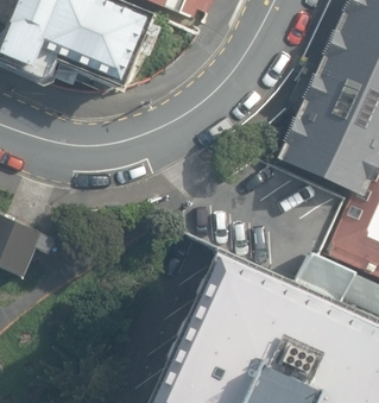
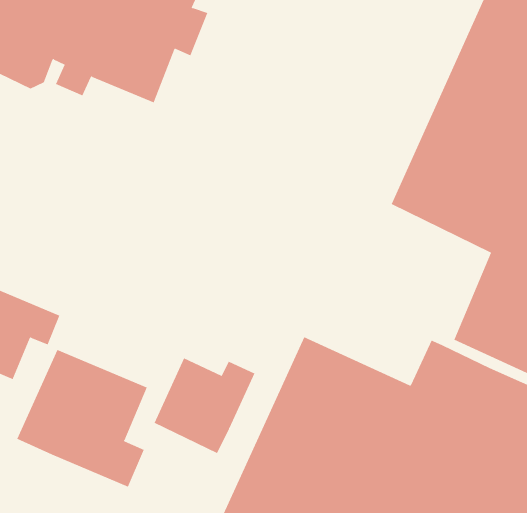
building: none -> [17,349,148,487]
building: none -> [154,358,255,454]

